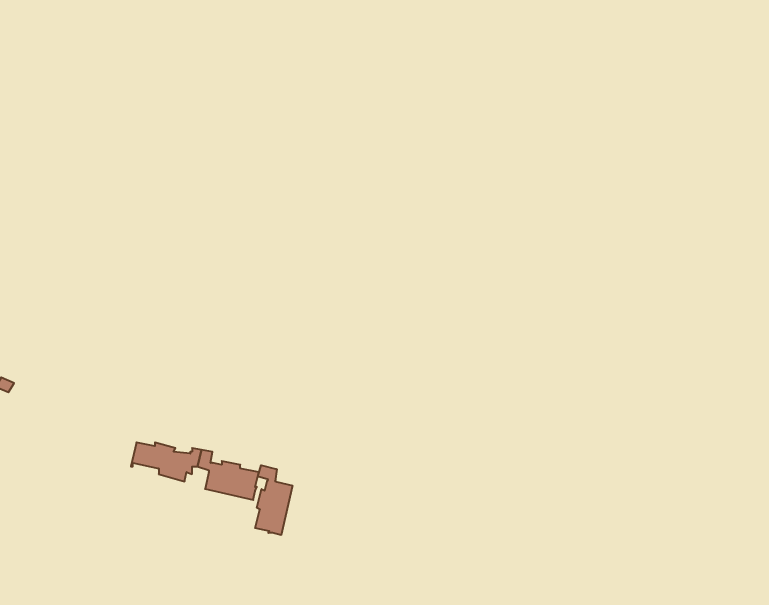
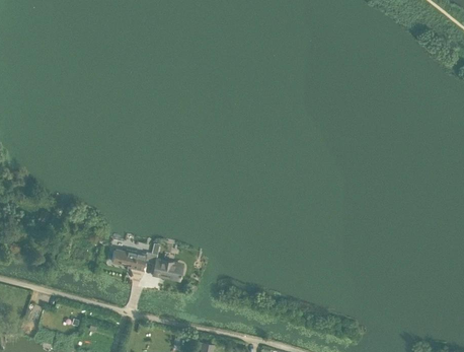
building: [255,465,292,535] -> none

